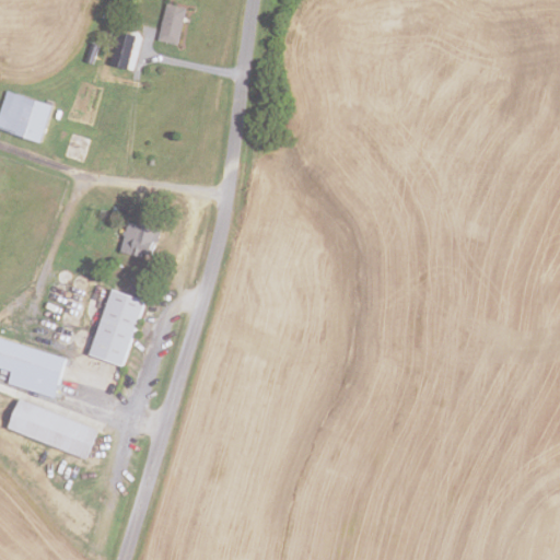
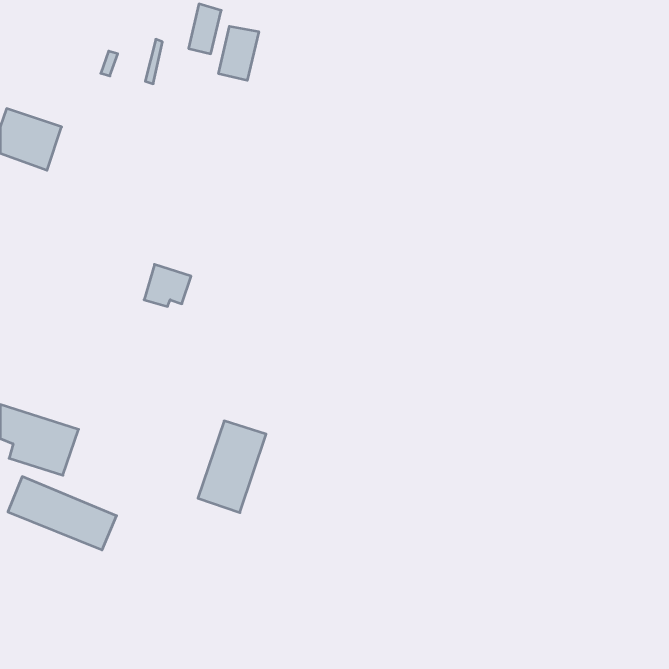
building: none -> [219,26,259,80]
building: [88,290,144,366] -> [198,421,266,513]

